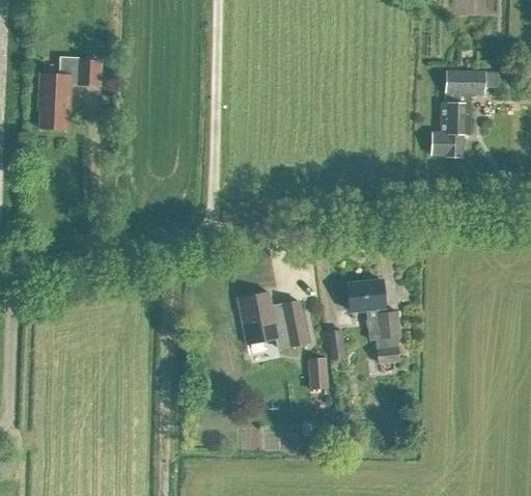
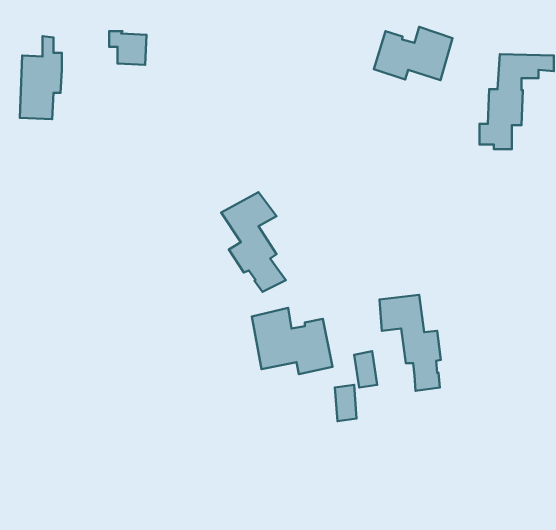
building: none -> [374,27,453,80]
building: [66,57,99,86] -> [109,31,147,65]
building: none -> [221,192,286,292]

